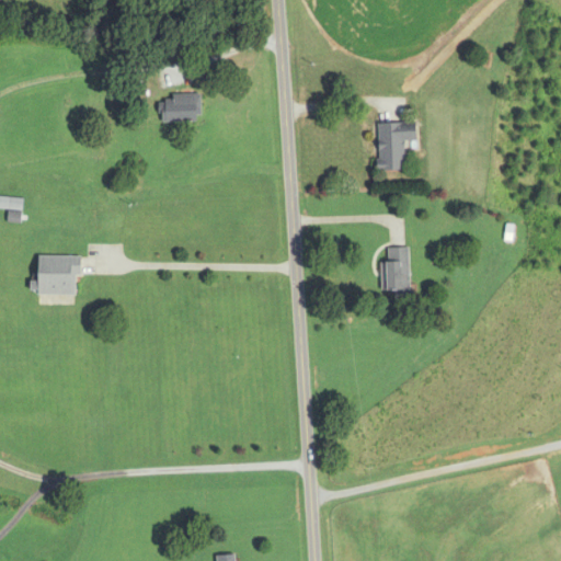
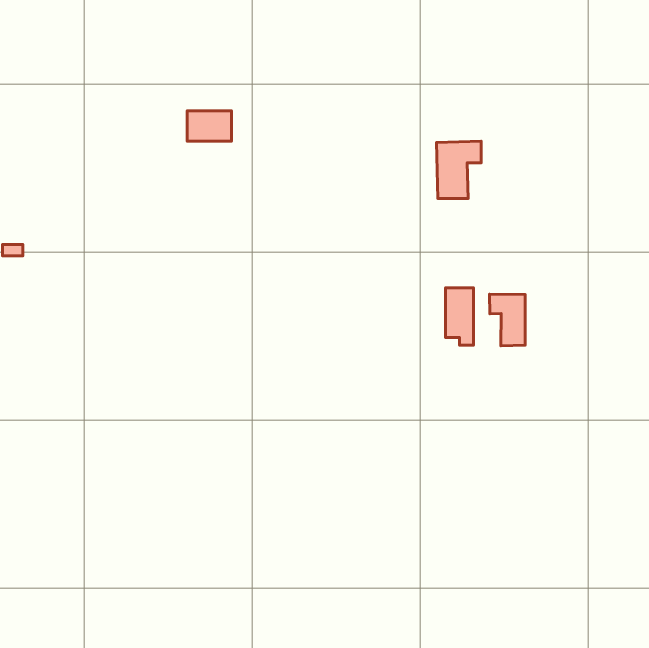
building: none -> [489,294,525,346]
building: [37,255,78,295] -> none

